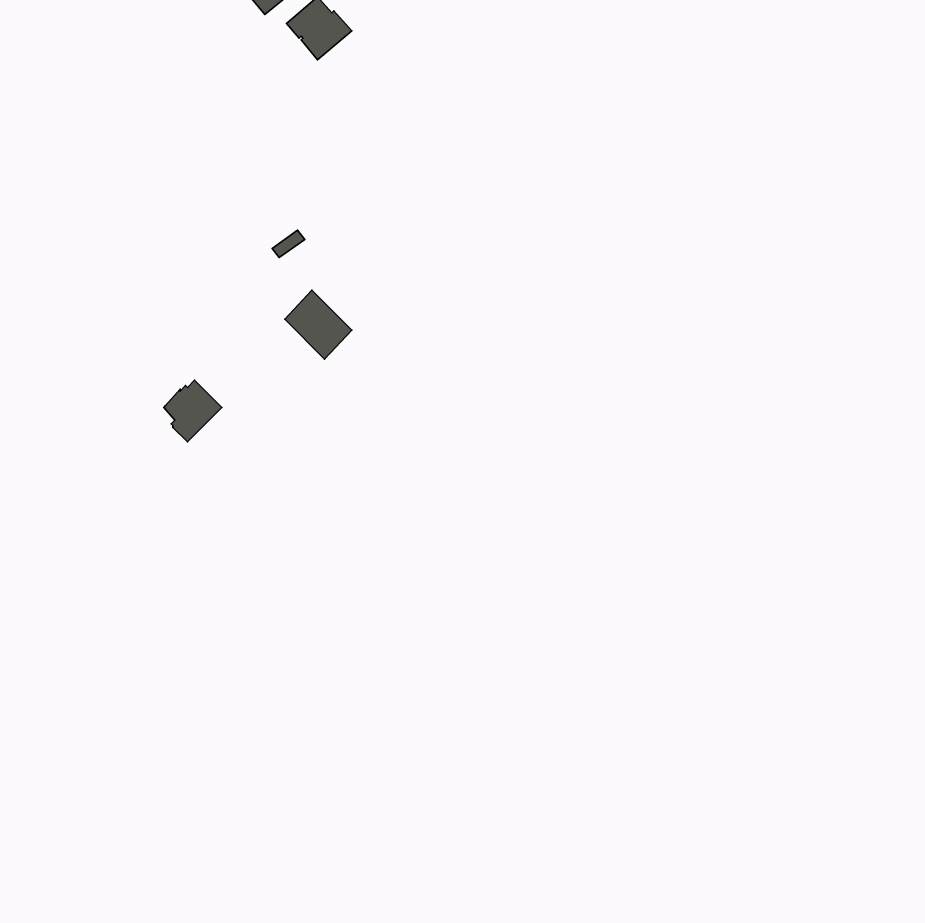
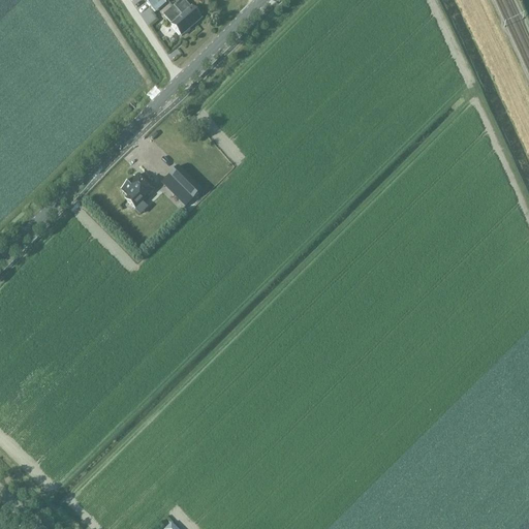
building: [164,380,222,442] -> [122,173,155,208]

